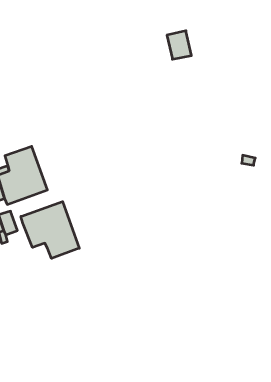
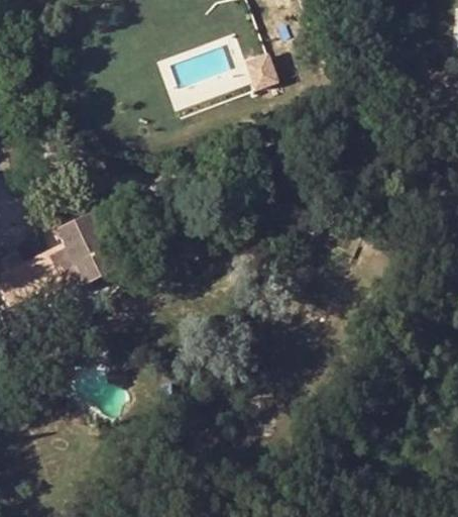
building: [21,202,79,258] -> none

